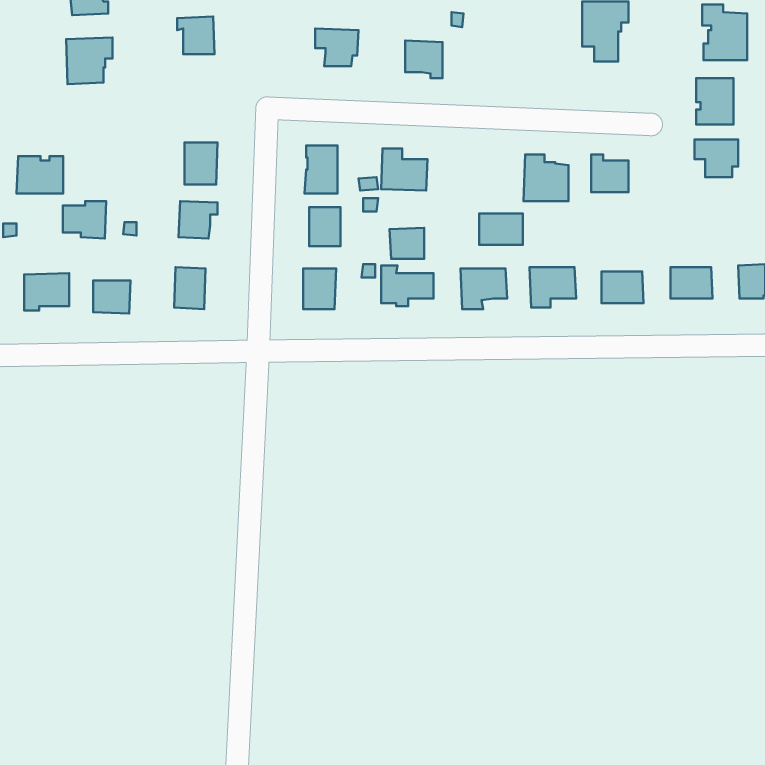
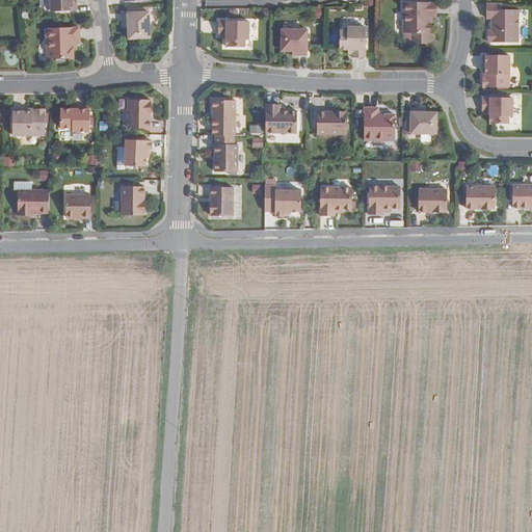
building: none -> [339,26,365,56]
building: [63,201,106,239] -> [59,105,89,131]
building: [479,213,523,245] -> [316,111,346,133]
building: [390,228,424,259] -> none

